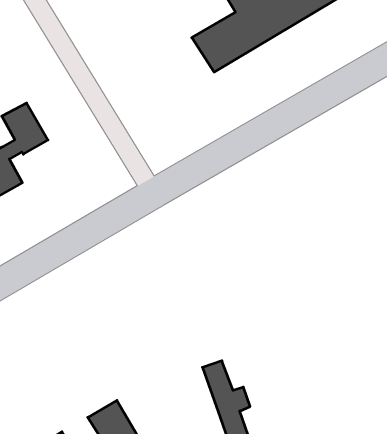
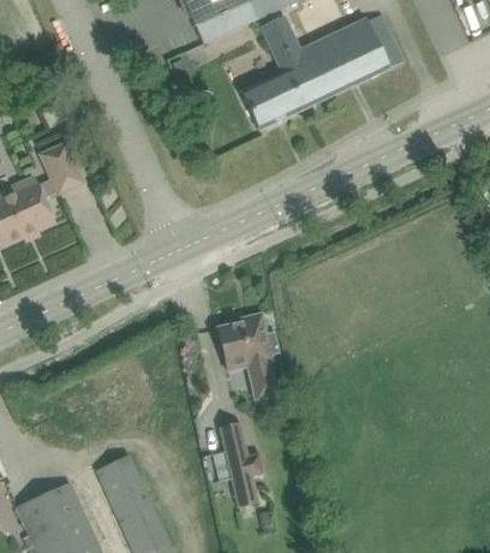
building: none -> [216,314,279,400]

